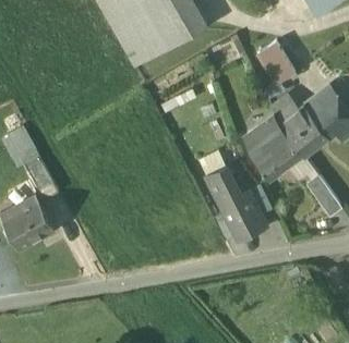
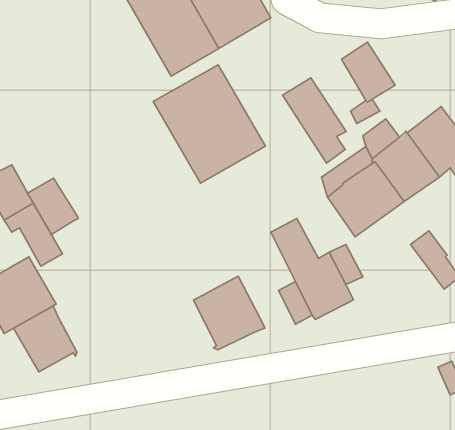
building: none -> [153,65,265,183]
building: none -> [283,78,346,163]
building: none -> [28,178,78,234]
building: none -> [193,276,265,350]
building: none -> [14,306,77,372]

